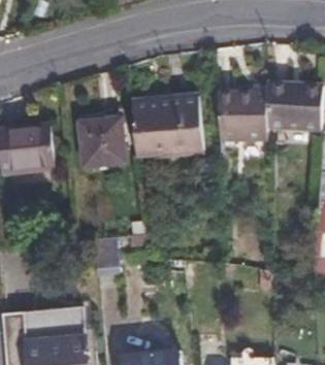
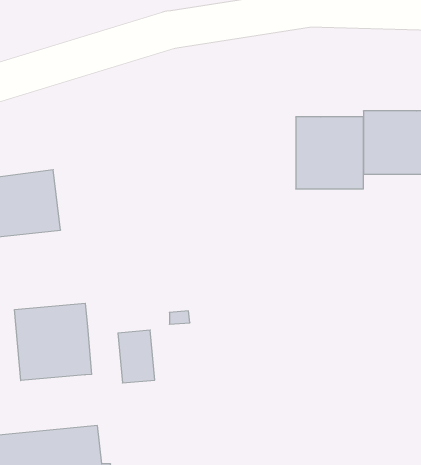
building: [130,99,201,156] -> none
building: [76,121,123,166] -> none
building: none -> [15,303,92,381]

